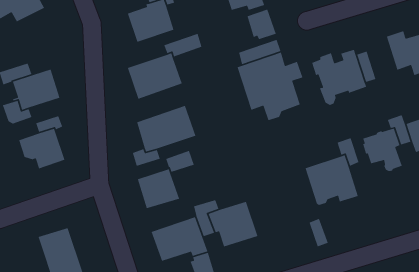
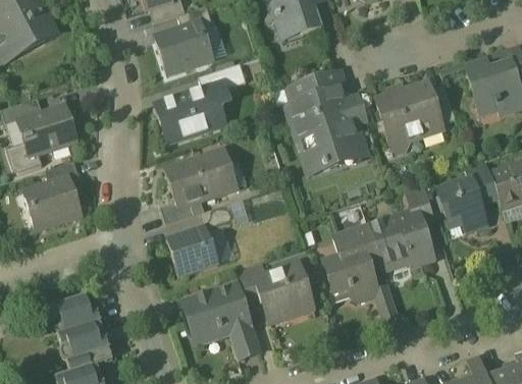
building: [247,9,277,40] -> none
building: none -> [325,224,383,299]

